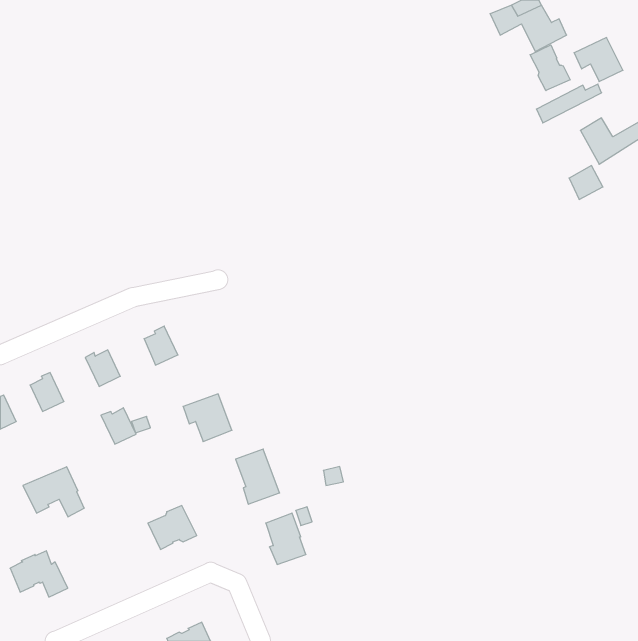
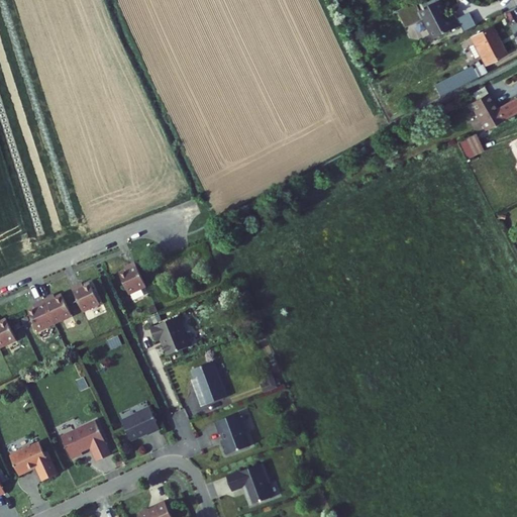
building: [530,45,570,91] -> none
building: [101,408,136,444] -> [42,294,71,323]
building: [23,467,84,517] -> [60,421,109,461]
building: none -> [225,463,270,506]

